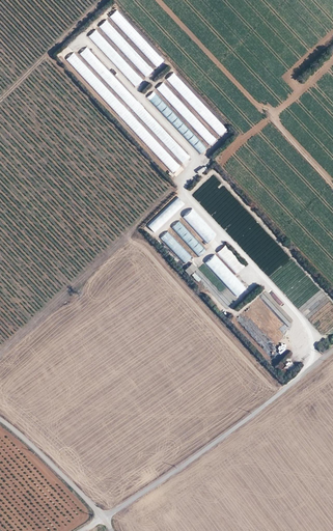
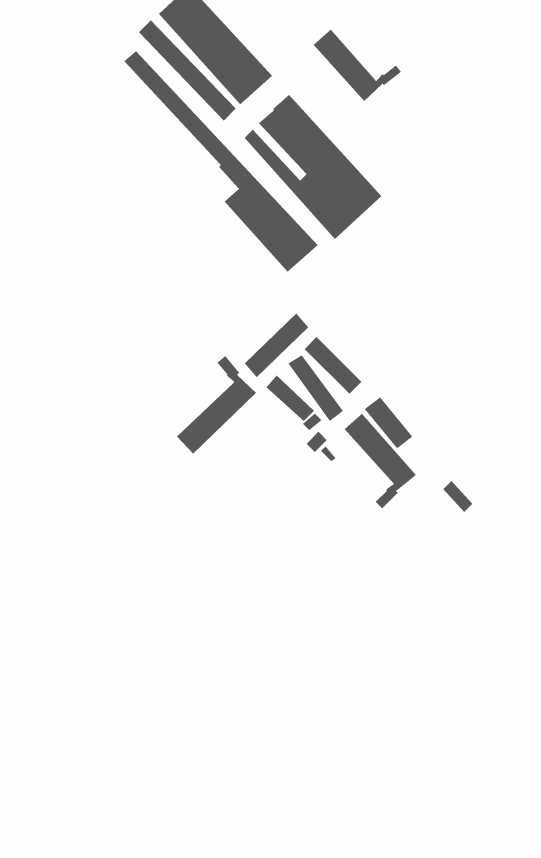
building: none -> [313,29,402,102]
building: none -> [176,355,257,454]

